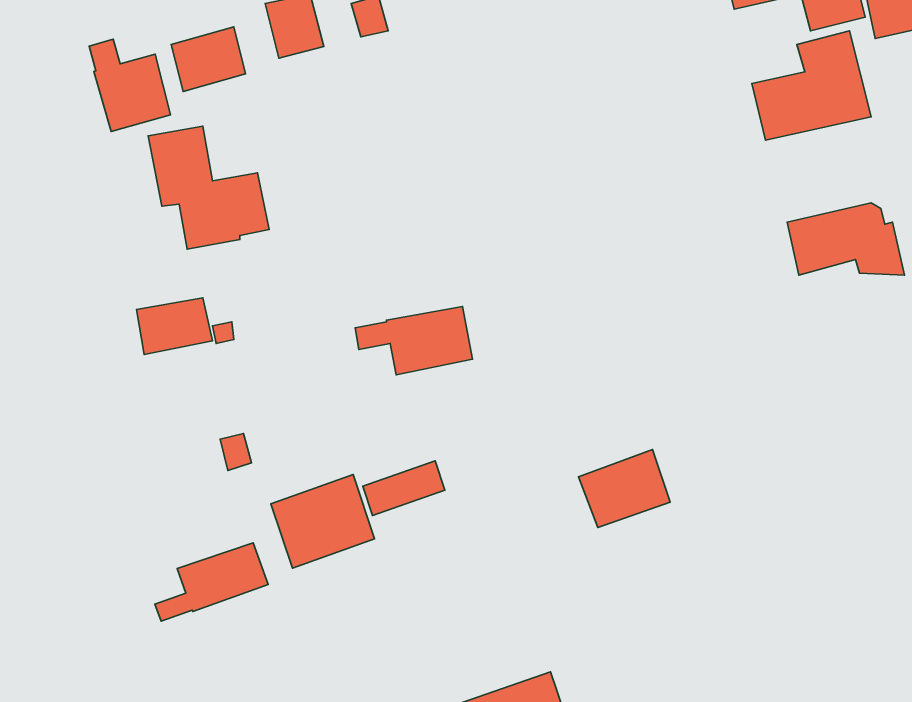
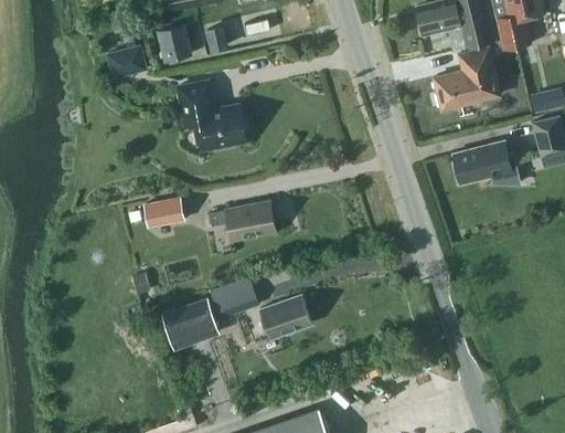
building: [89,39,171,132] -> none
building: [148,126,269,249] -> [177,81,245,150]
building: [136,298,213,354] -> [141,197,184,229]
building: [578,449,670,528] -> [258,295,310,339]
building: [155,543,268,621] -> none

